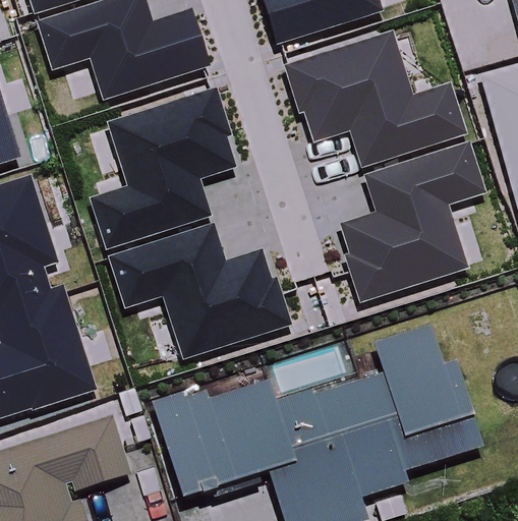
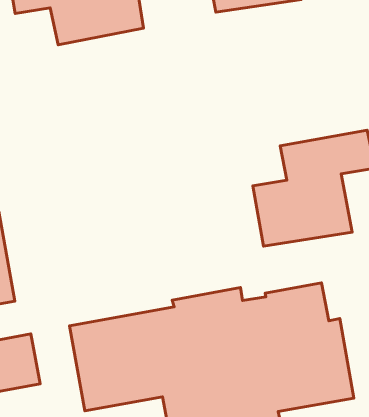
building: [293,40,458,161] -> none
building: [94,94,230,242] -> none
building: [110,226,281,352] -> none

